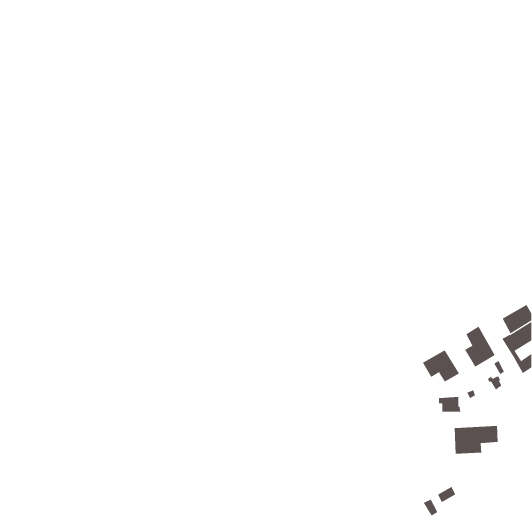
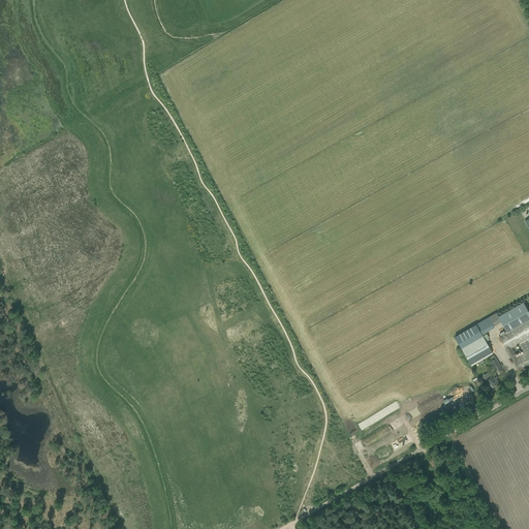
building: [422,350,460,382] -> none
building: [454,425,498,454] -> none

